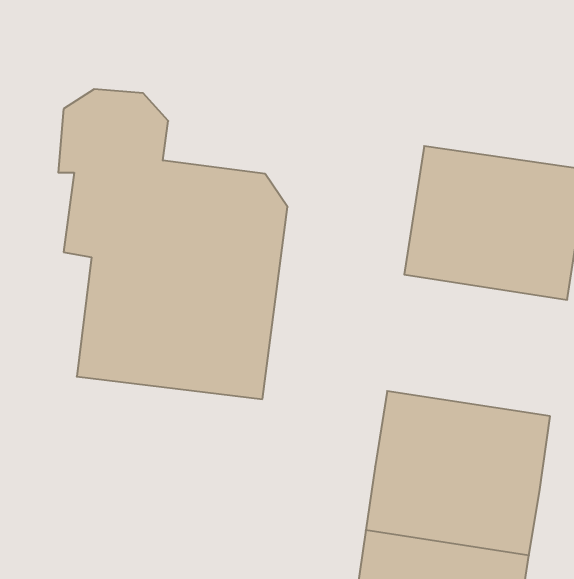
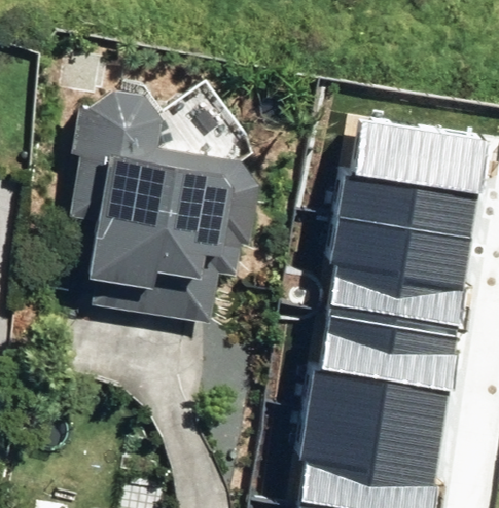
building: none -> [329,224,469,334]

